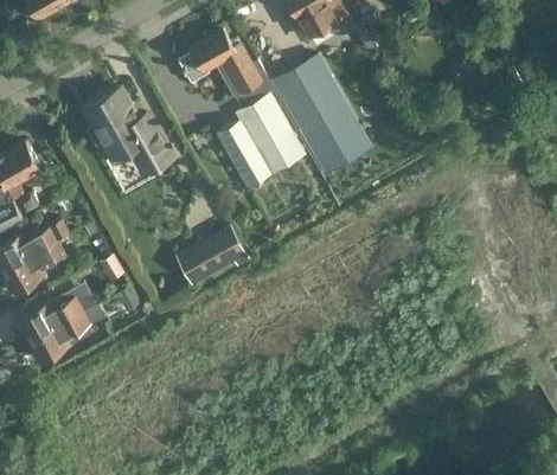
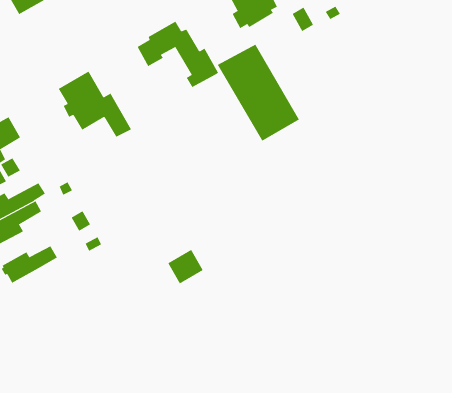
building: [216,92,306,187] -> none
building: [191,233,233,275] -> [168,249,204,284]
building: [30,307,102,361] -> none

